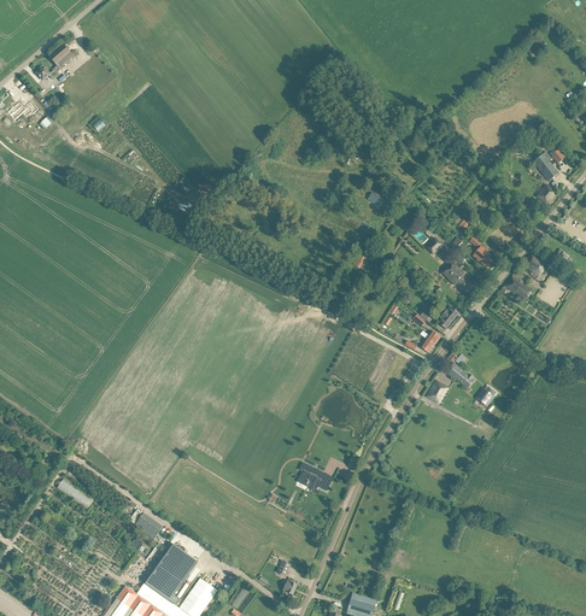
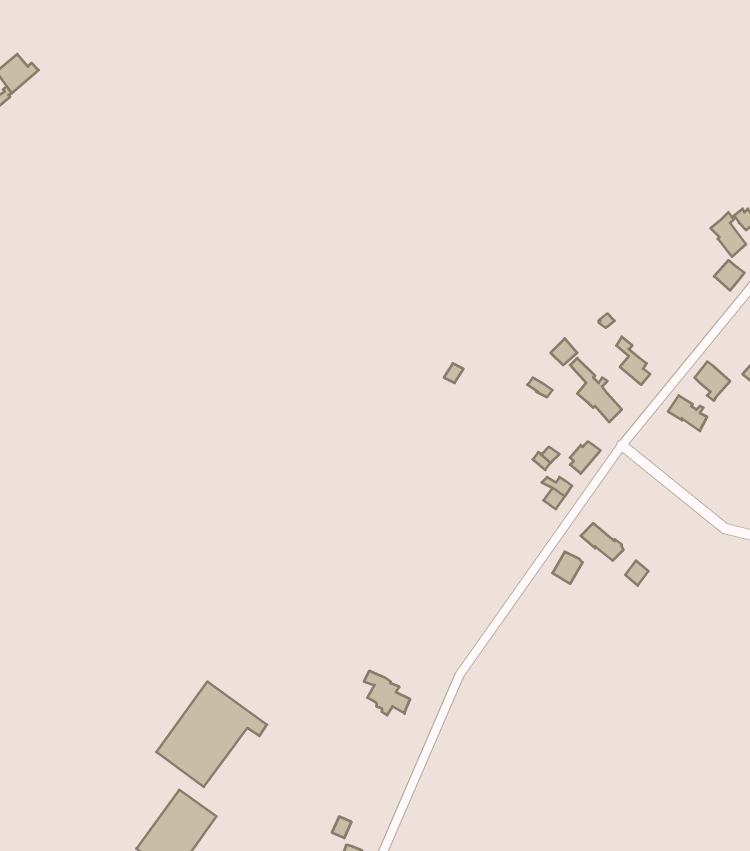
building: none -> [156,682,267,787]

